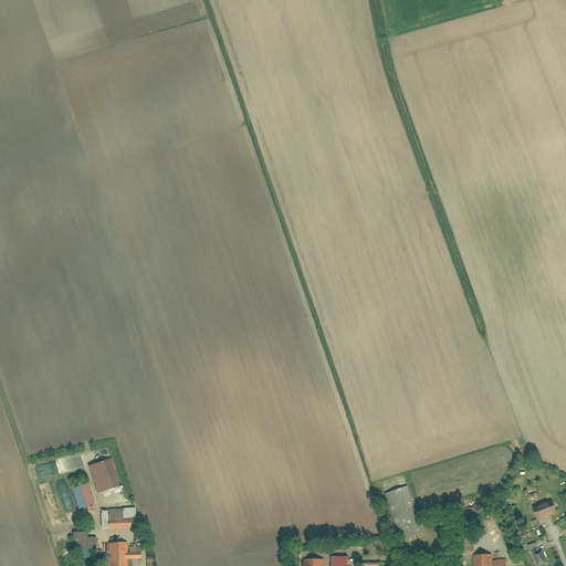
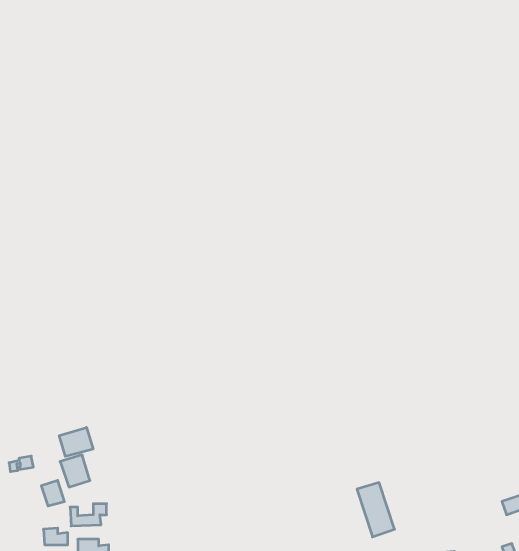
building: none -> [59,427,93,456]

